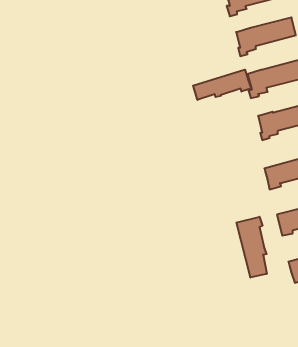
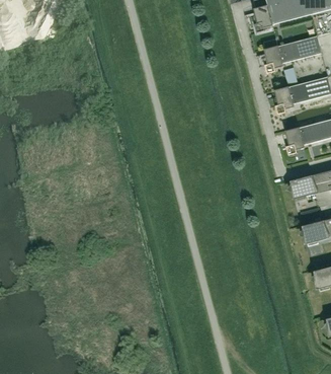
building: [193,70,251,100] -> none
building: [236,217,267,278] -> none

